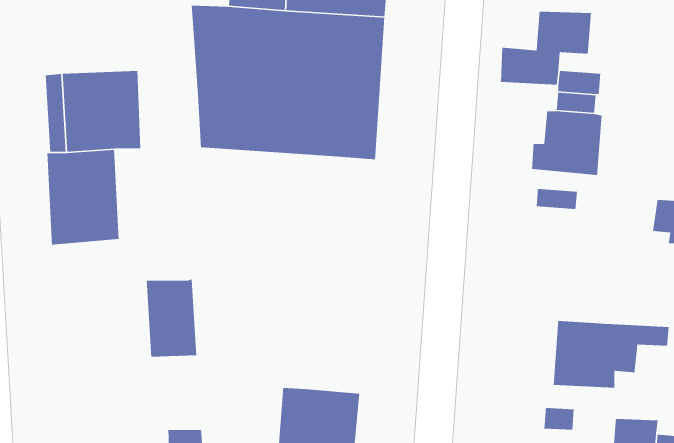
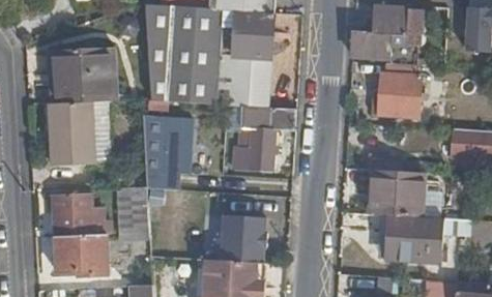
building: none -> [232,106,295,172]
building: none -> [144,115,192,188]
building: none -> [368,169,425,216]
building: none -> [55,195,109,275]
building: none -> [221,215,267,264]

